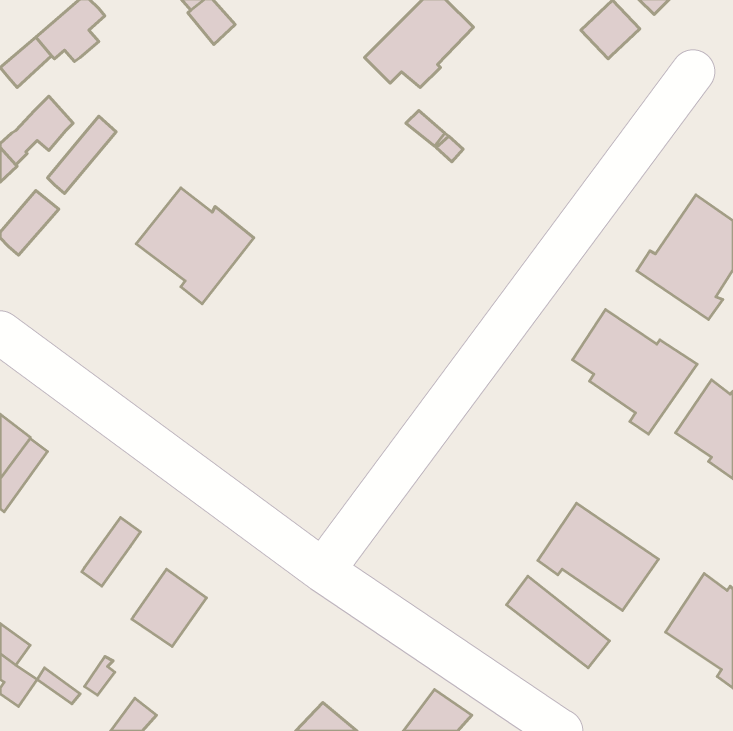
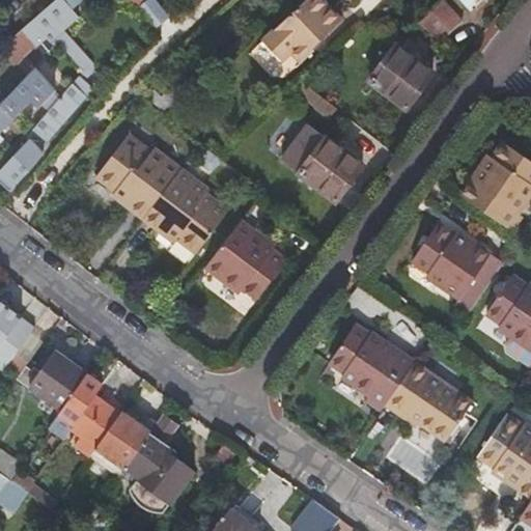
building: none -> [369,45,432,108]
building: none -> [280,123,363,200]
building: none -> [146,172,228,253]
building: none -> [203,223,286,302]
building: none -> [331,325,417,412]
building: none -> [17,352,87,411]
building: none -> [72,395,124,446]
building: none -> [121,414,194,512]

